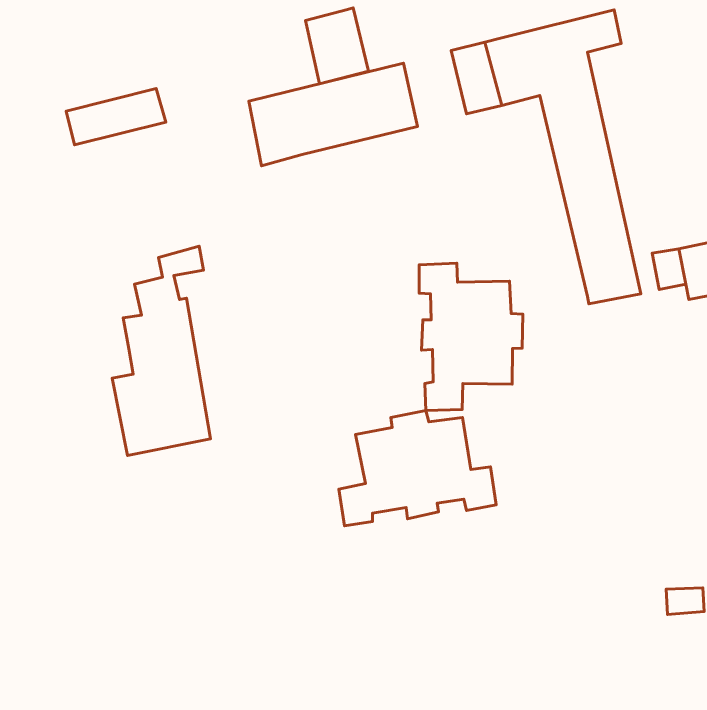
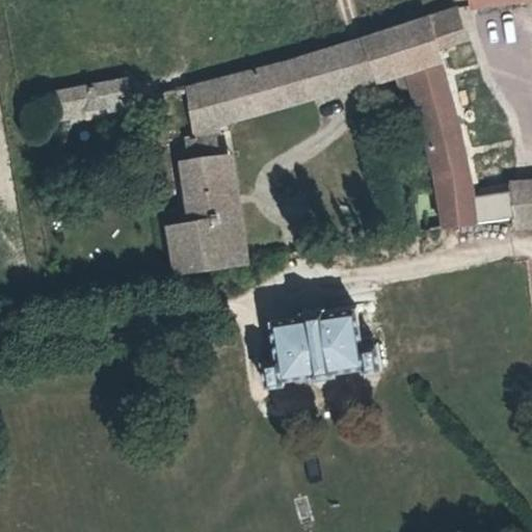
building: [305,8,369,84] -> [307,44,353,100]
building: [112,246,210,456] -> [167,121,240,275]
building: [419,263,523,411] -> none

